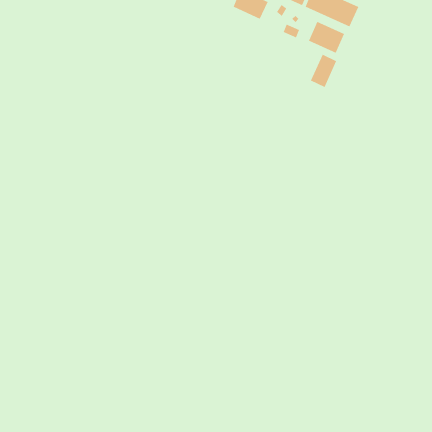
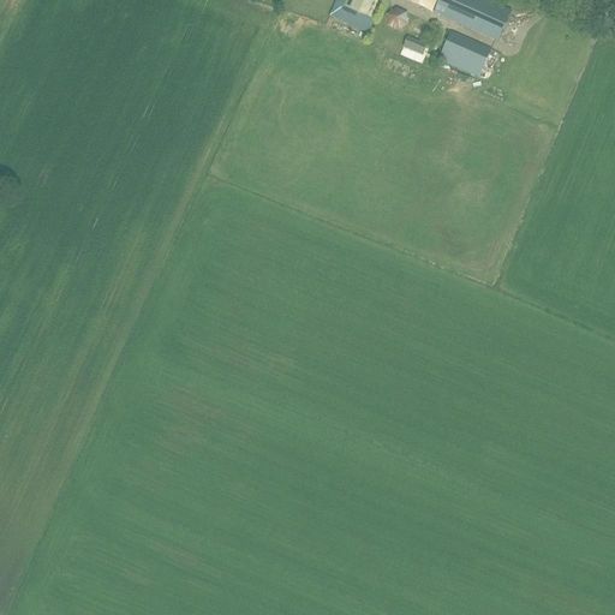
building: [310,54,337,88] -> none

